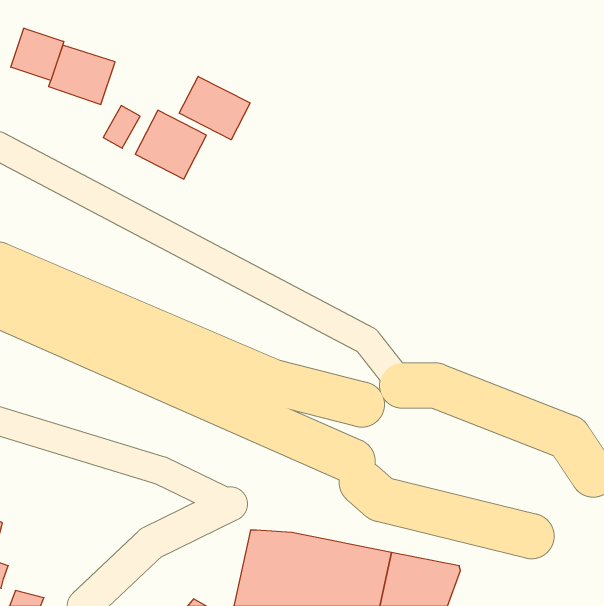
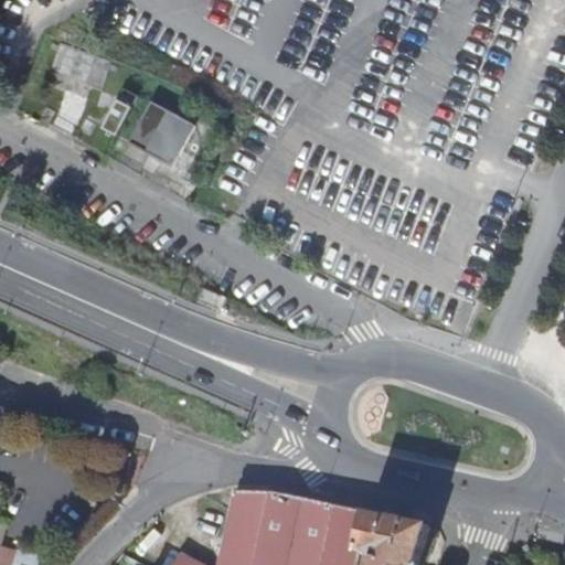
building: [11,28,64,81] -> none
building: [179,76,250,140] -> none

